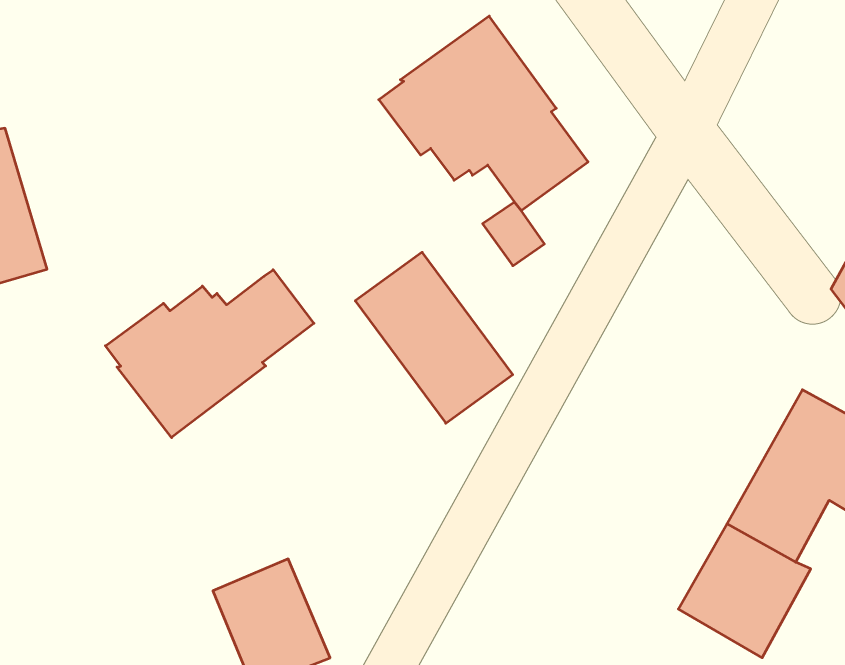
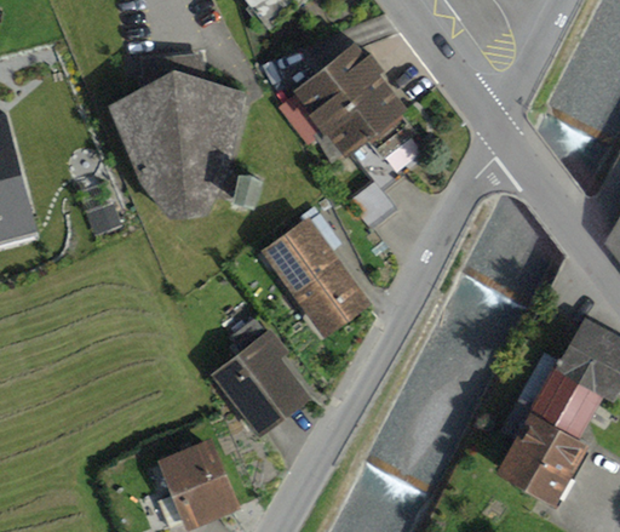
building: none -> [107,48,262,221]
building: [105,270,314,438] -> none
building: none -> [211,326,312,437]

